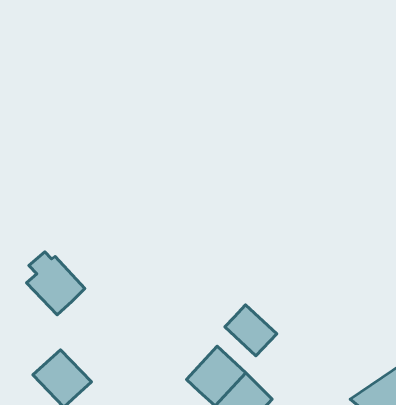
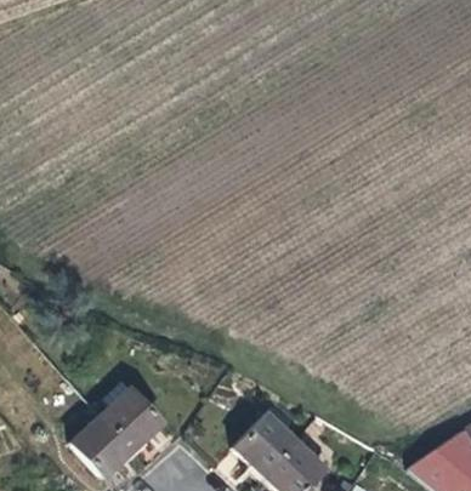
building: [26,252,85,315] -> [102,384,164,451]
building: [225,305,277,356] -> none

